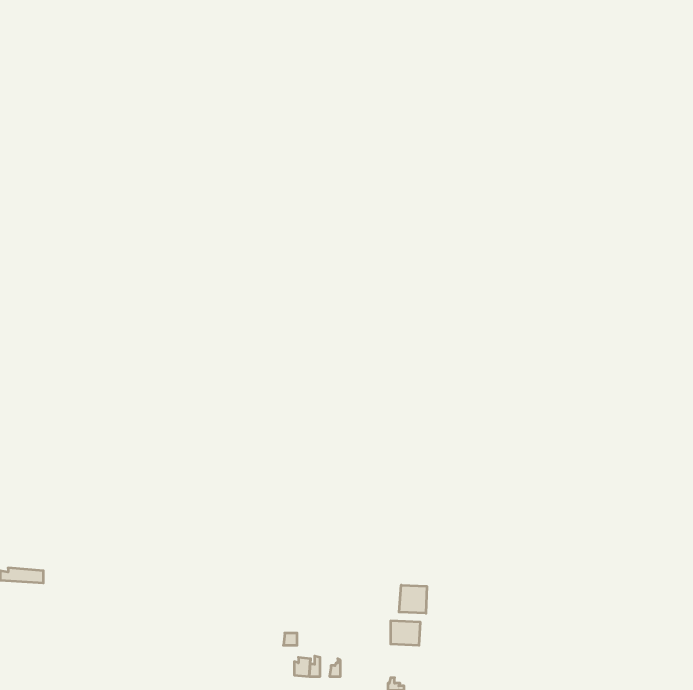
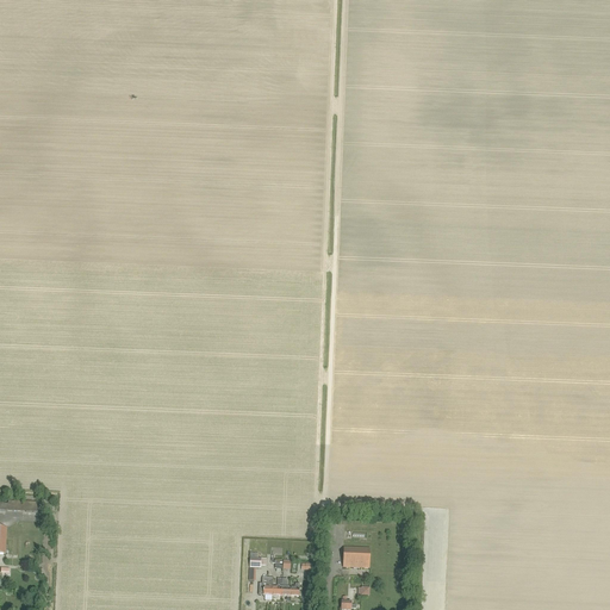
building: [399,585,427,613] -> none

